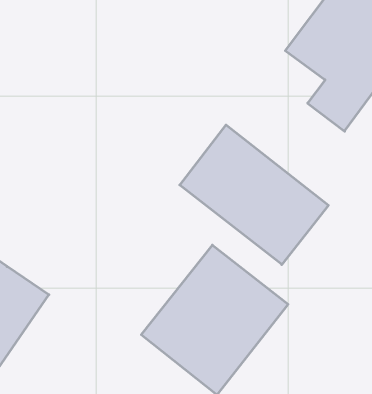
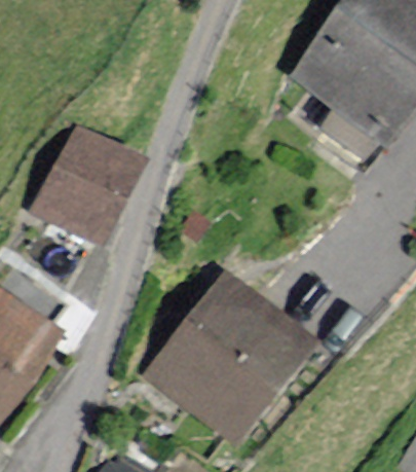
building: none -> [45,132,138,232]
building: [180,125,328,265] -> none

